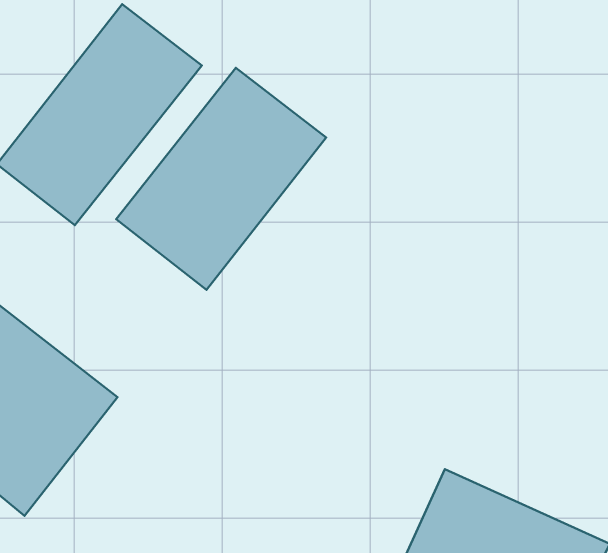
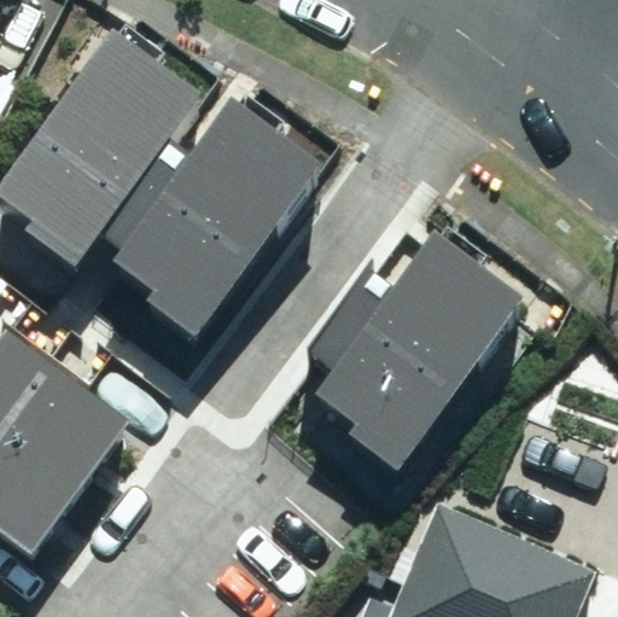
building: none -> [305,246,509,465]

